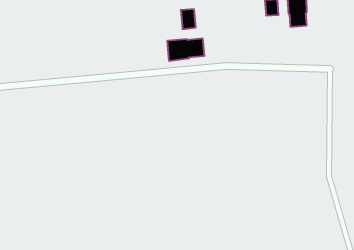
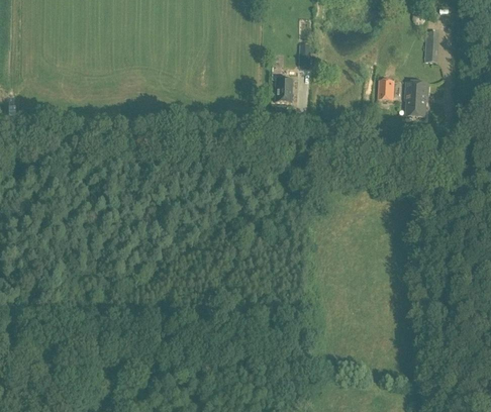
building: [168,38,204,61] -> none

